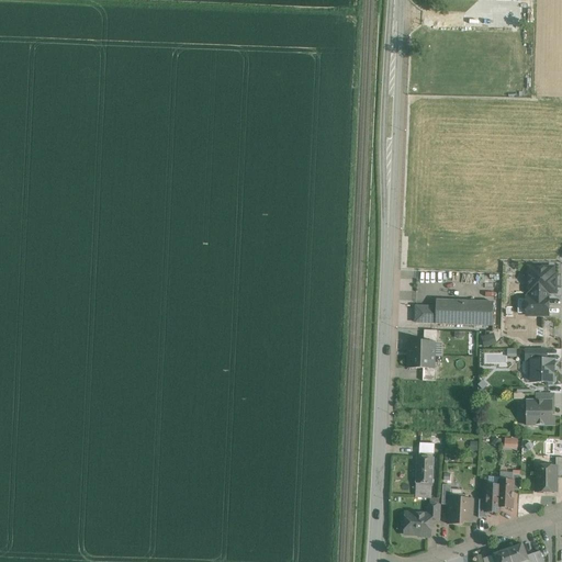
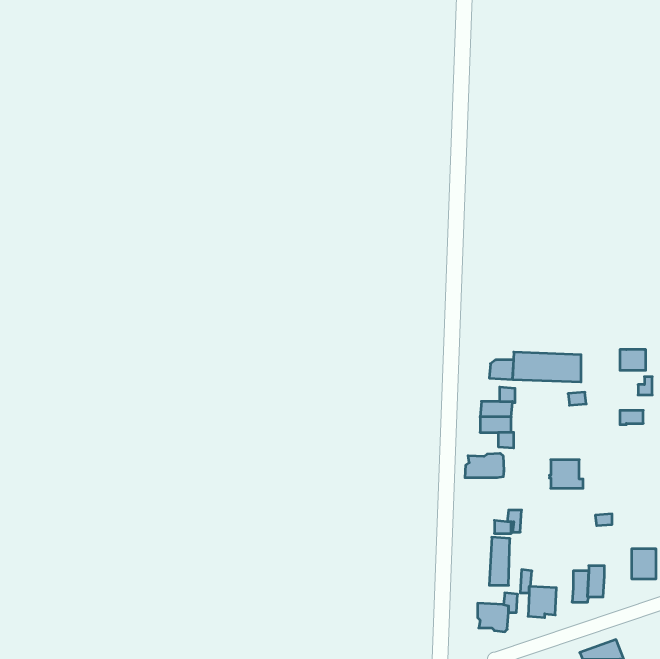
building: [530,267,557,296] -> none
building: [527,359,557,383] -> none
building: none -> [465,453,504,478]
building: [527,400,555,424] -> [549,460,583,488]

